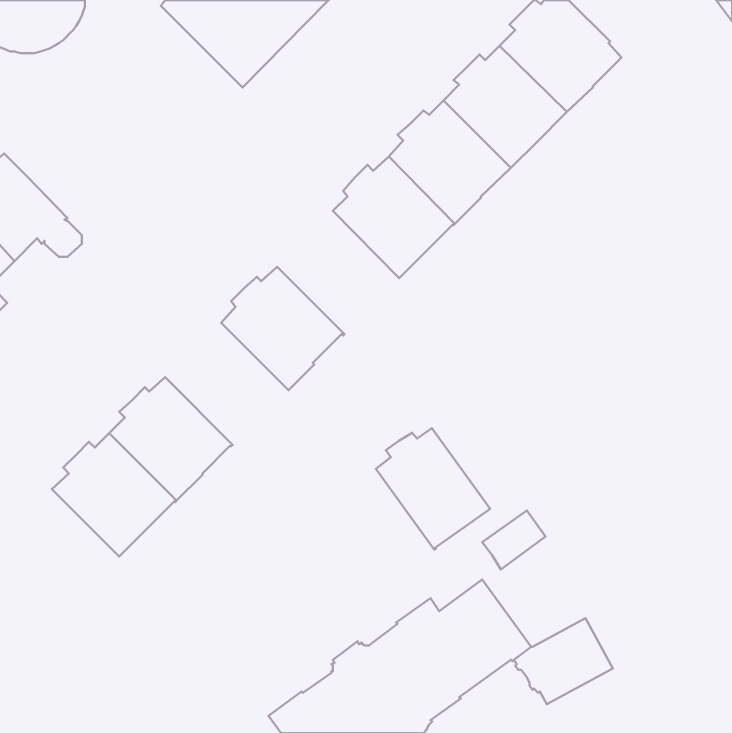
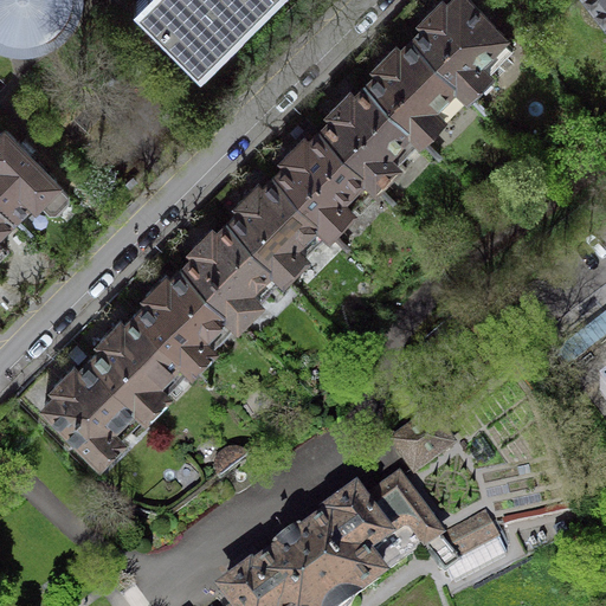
building: none -> [228,174,329,276]
building: none -> [136,266,238,367]
building: [376,428,490,549] -> none

